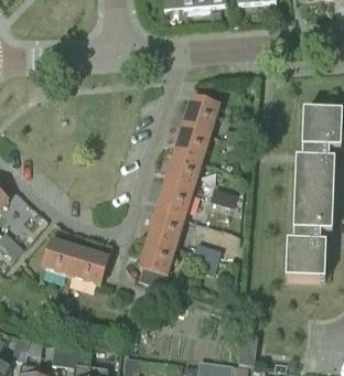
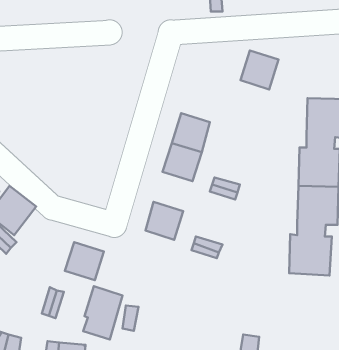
building: [182,95,218,132] -> [241,50,279,90]
building: [155,180,193,217] -> none
building: [138,236,175,287] -> [83,286,122,339]
building: [42,238,79,275] -> none

